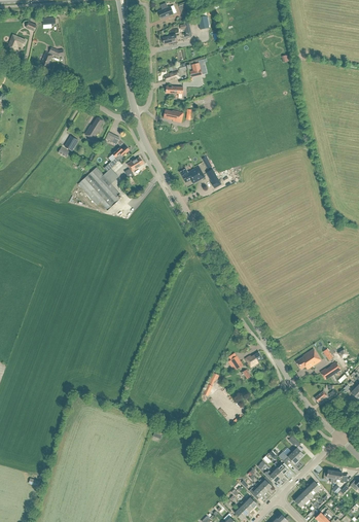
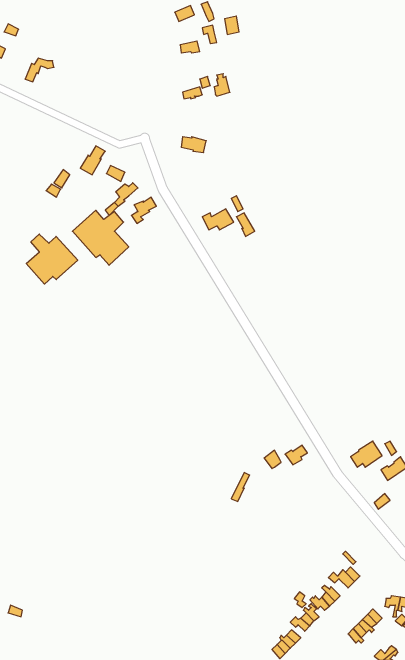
building: none -> [26,234,78,284]

